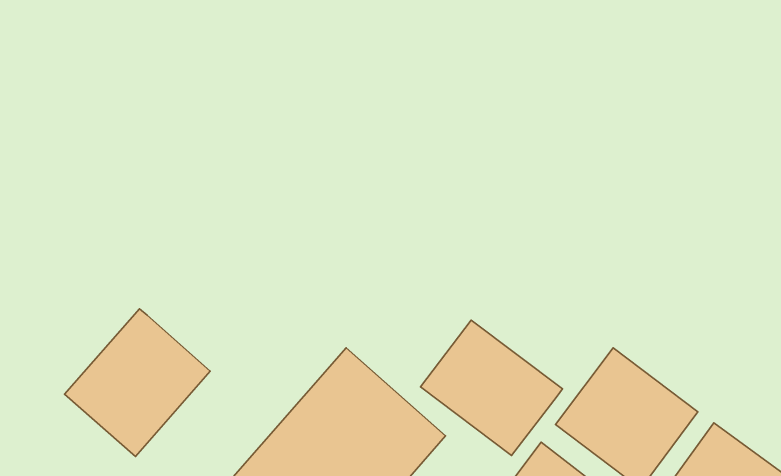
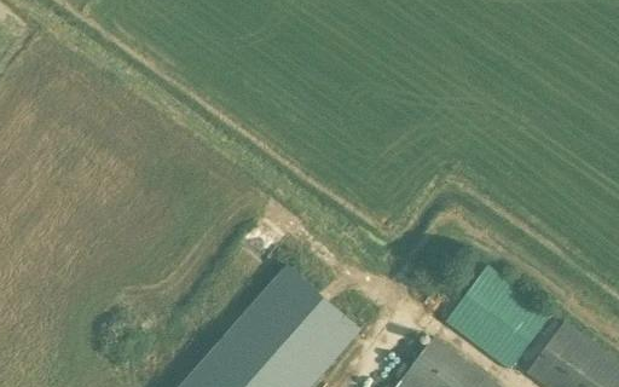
building: [65,309,210,457] -> none
building: [420,320,562,456] -> none

